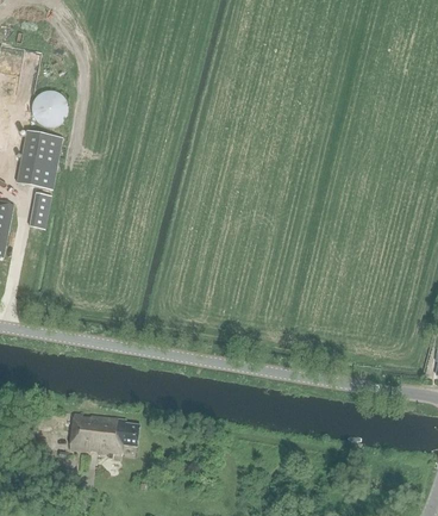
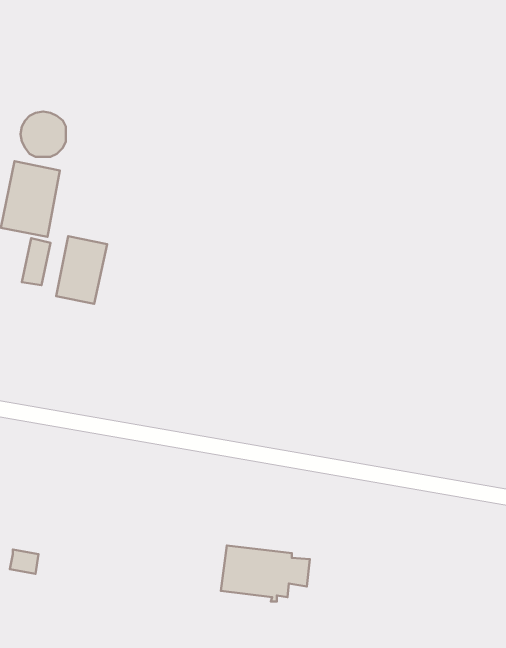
building: none -> [56,236,107,304]
building: [69,412,139,456] -> [221,546,310,602]

